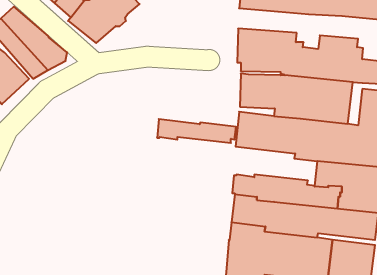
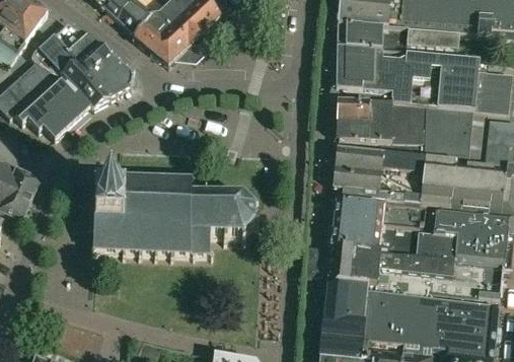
building: none -> [337,21,460,51]
building: [157,119,236,143] -> [332,199,426,227]
building: none -> [88,168,260,257]

